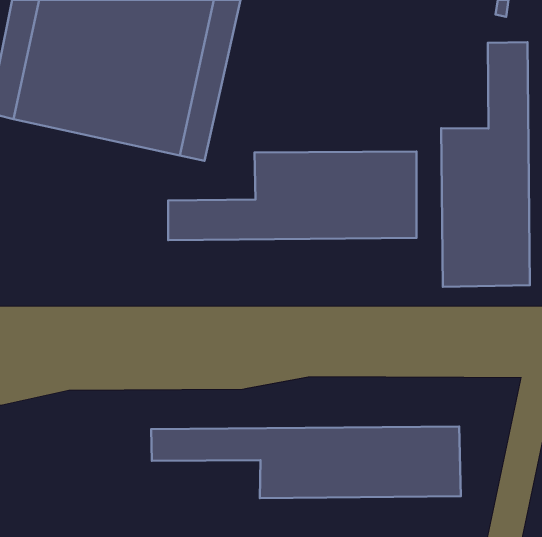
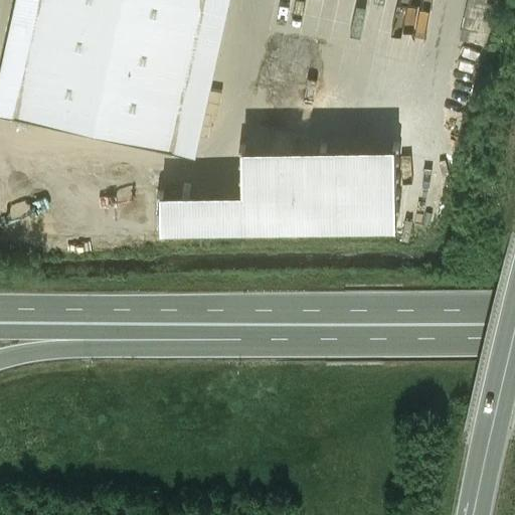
building: [441,42,530,287] -> none
building: [151,426,461,498] -> none

